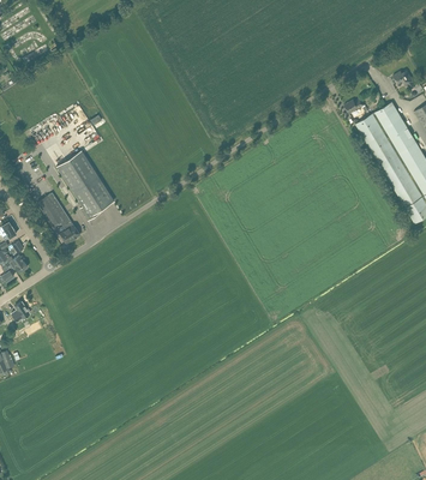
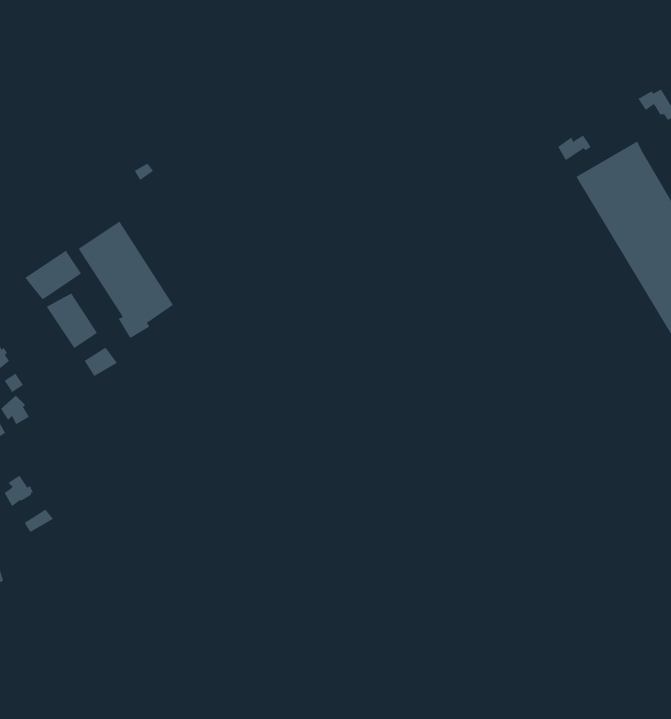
building: none -> [24,250,82,300]

